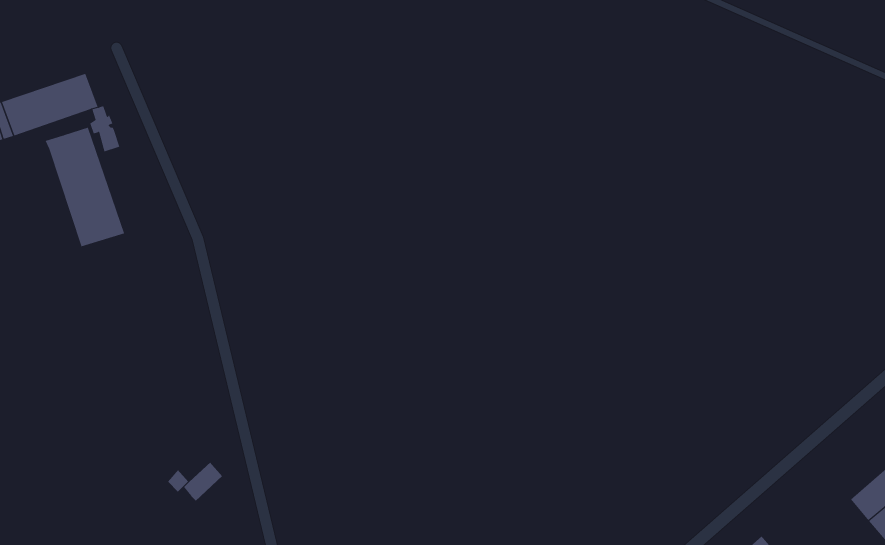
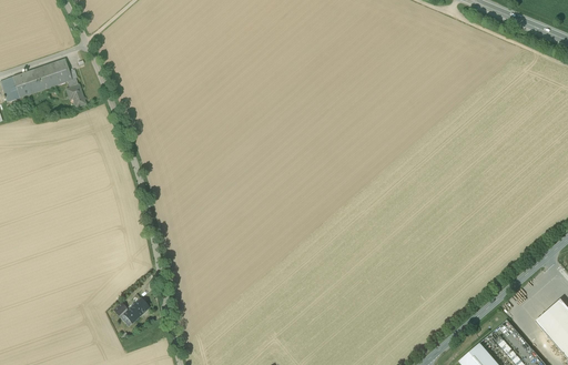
building: [45,127,125,247] -> none

